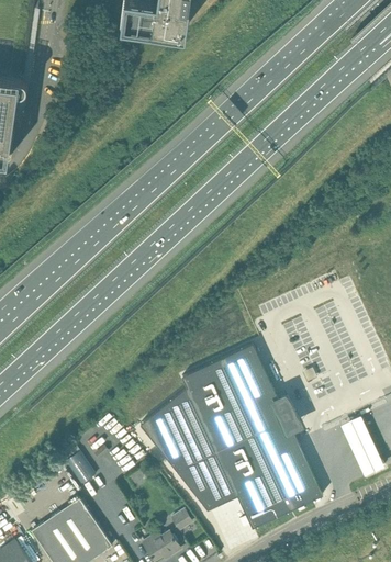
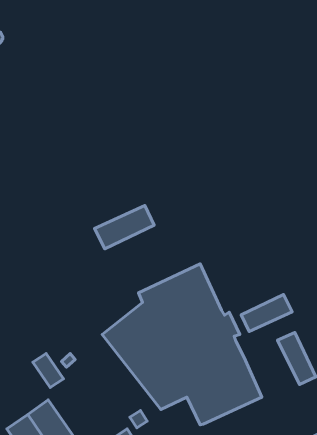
building: none -> [95,206,154,249]
building: none -> [241,294,292,331]

